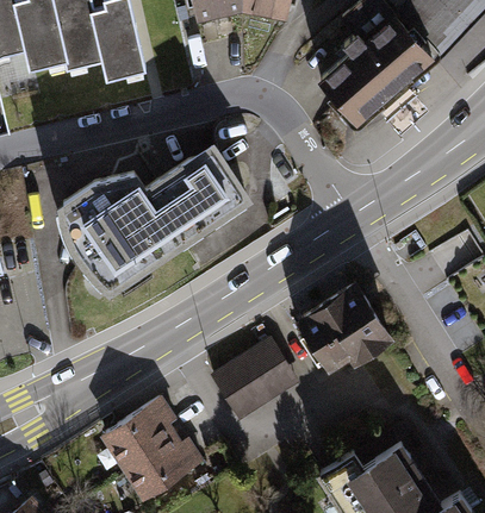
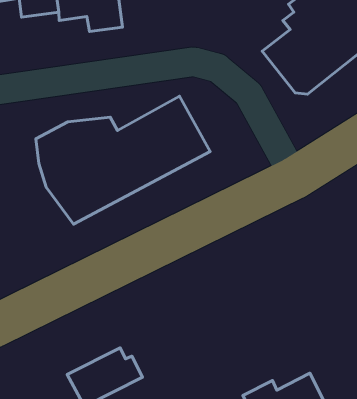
building: [290,279,393,376] -> none
building: [216,340,298,419] -> none
building: [99,394,179,468] -> none

